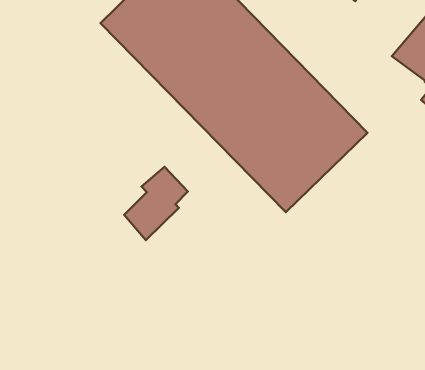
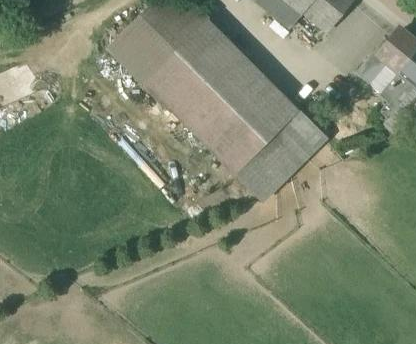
building: [124,167,188,240] -> none

